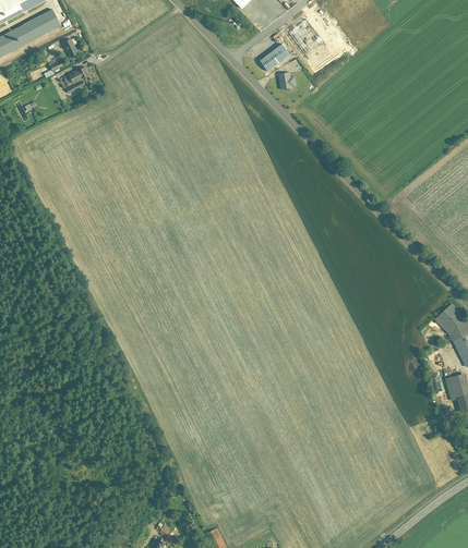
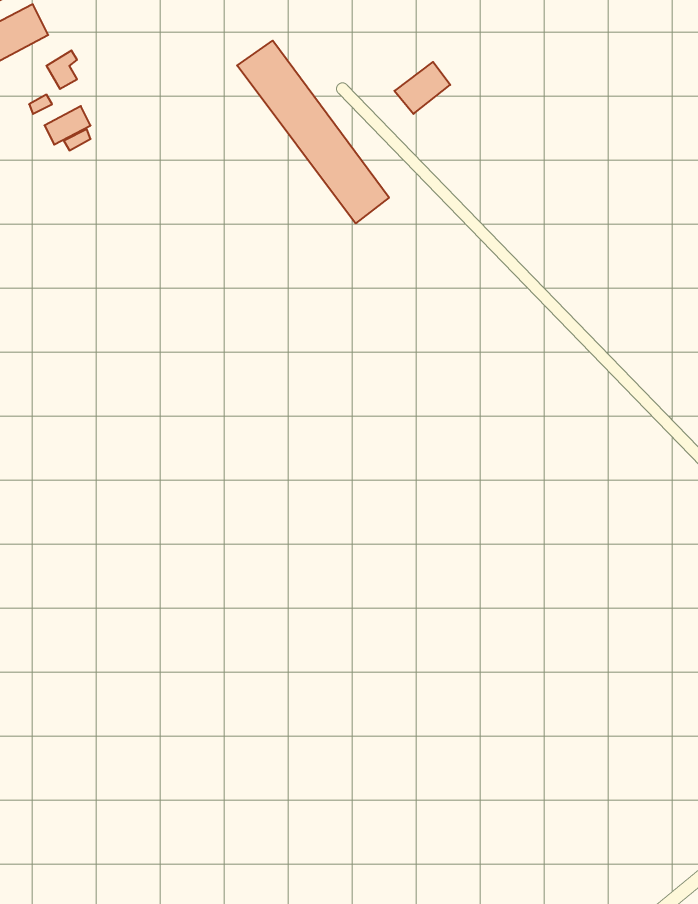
building: none -> [237,41,389,223]

